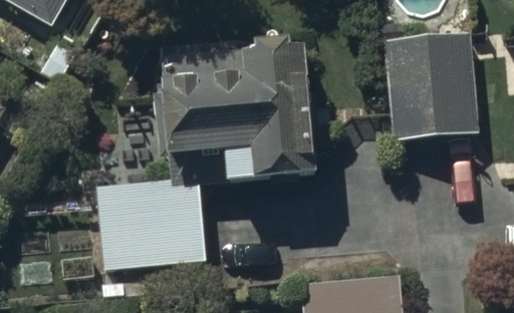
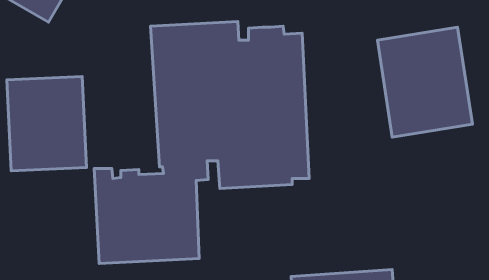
building: none -> [7,77,87,171]

